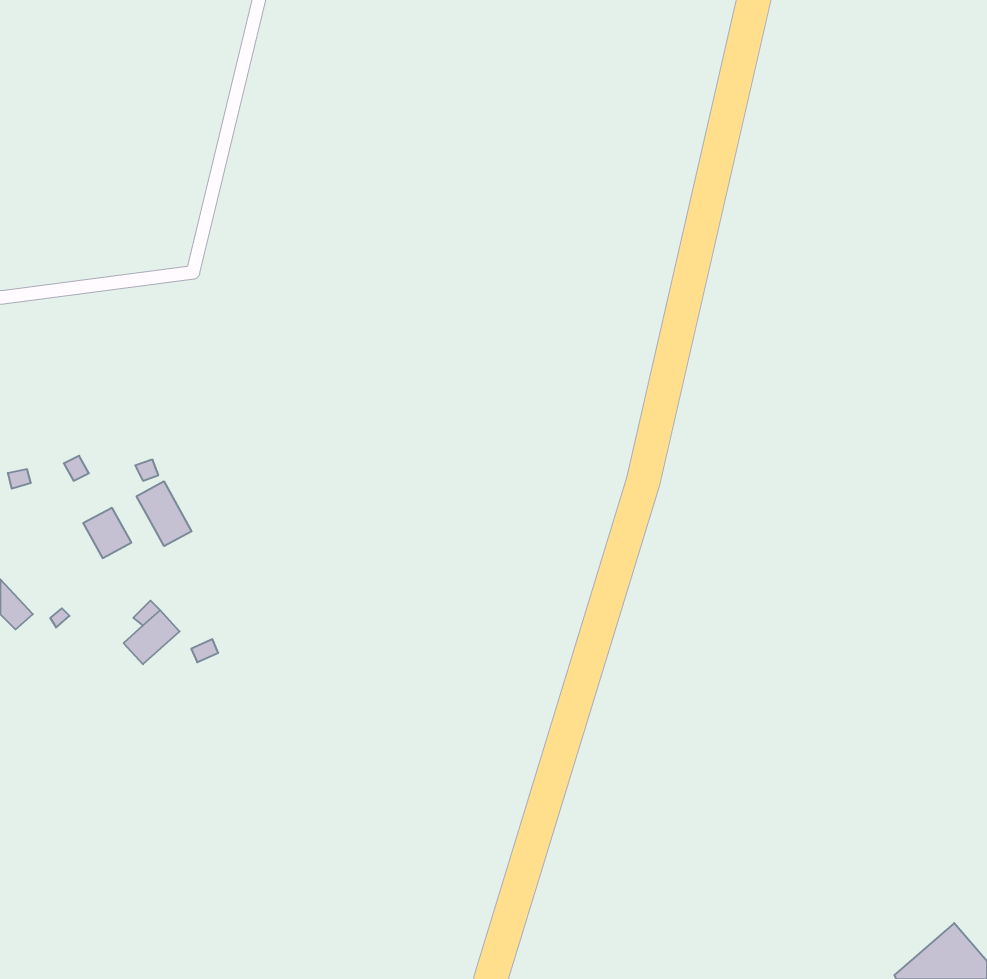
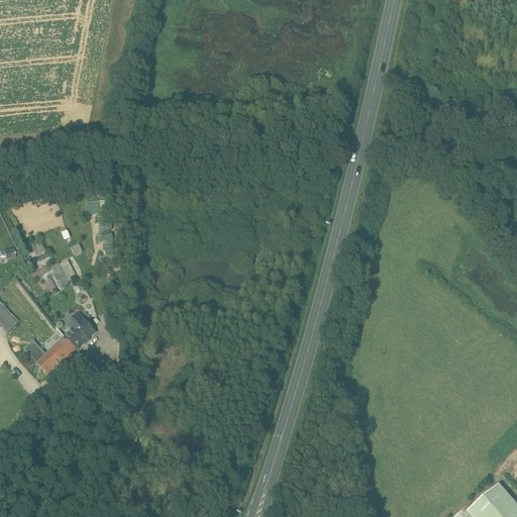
building: [137,481,192,546] -> none
building: none -> [25,336,75,373]

